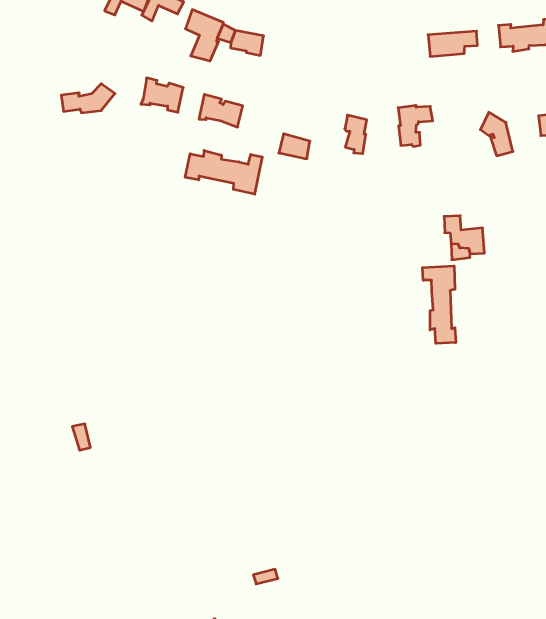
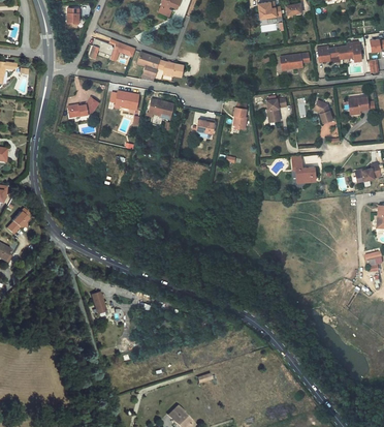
building: [185,150,262,194] -> none
building: [423,266,456,343] -> none

